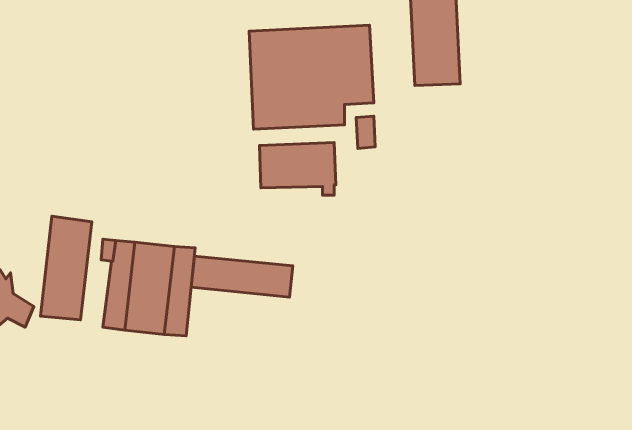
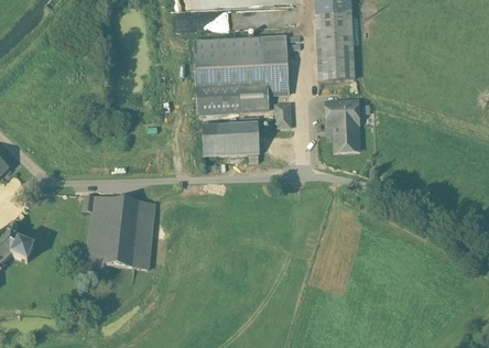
building: none -> [326,100,360,151]
building: [40,216,92,320] -> none
building: [191,256,293,297] -> none

